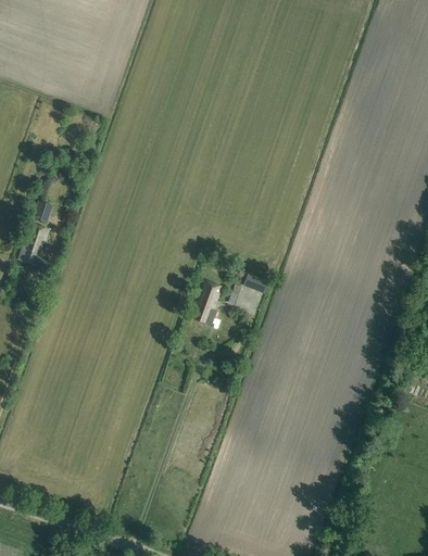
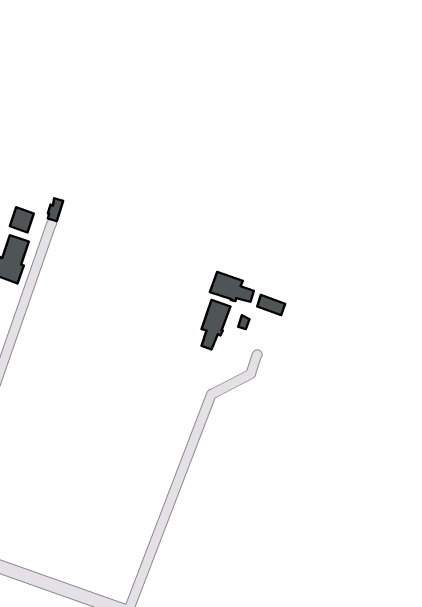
building: none -> [210,272,254,302]

